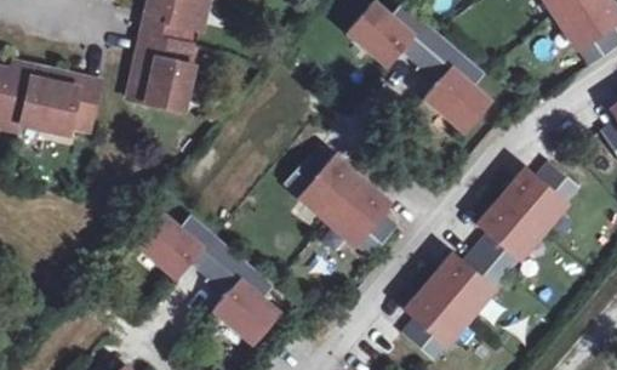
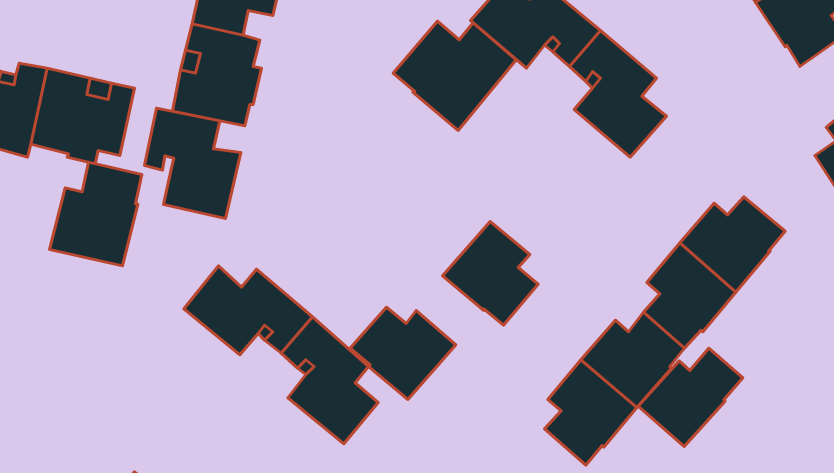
building: none -> [393,21,516,131]
building: none -> [145,108,241,219]
building: none -> [50,162,142,266]
building: [284,152,361,220] -> [350,307,456,399]
building: none -> [638,348,743,446]

